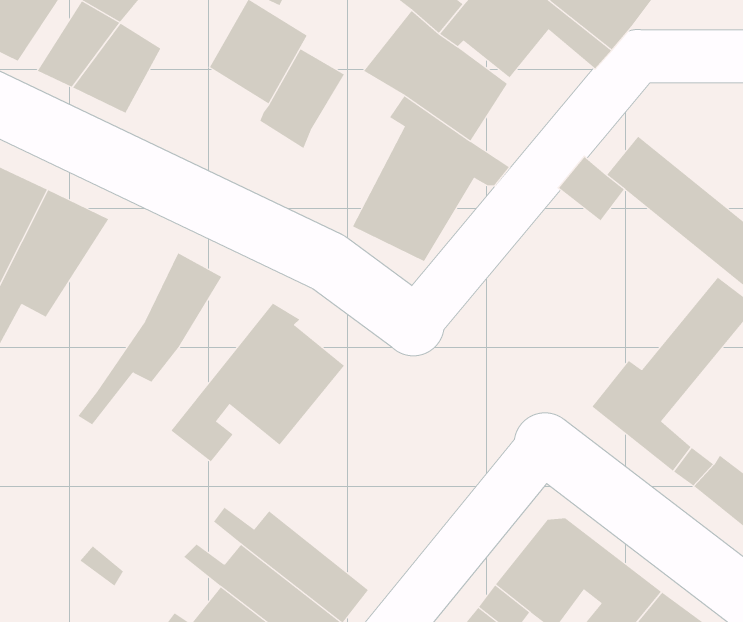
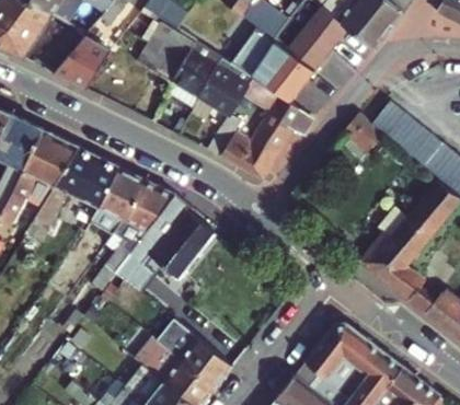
building: none -> [198,57,253,153]
building: none -> [26,149,119,243]
building: none -> [104,183,175,274]

